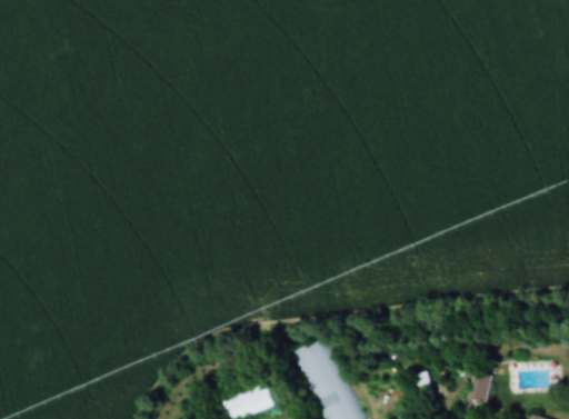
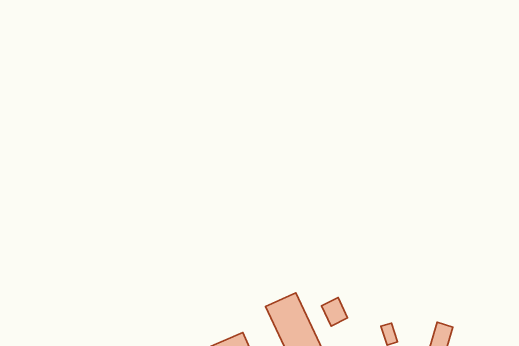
building: none -> [322,297,348,326]

